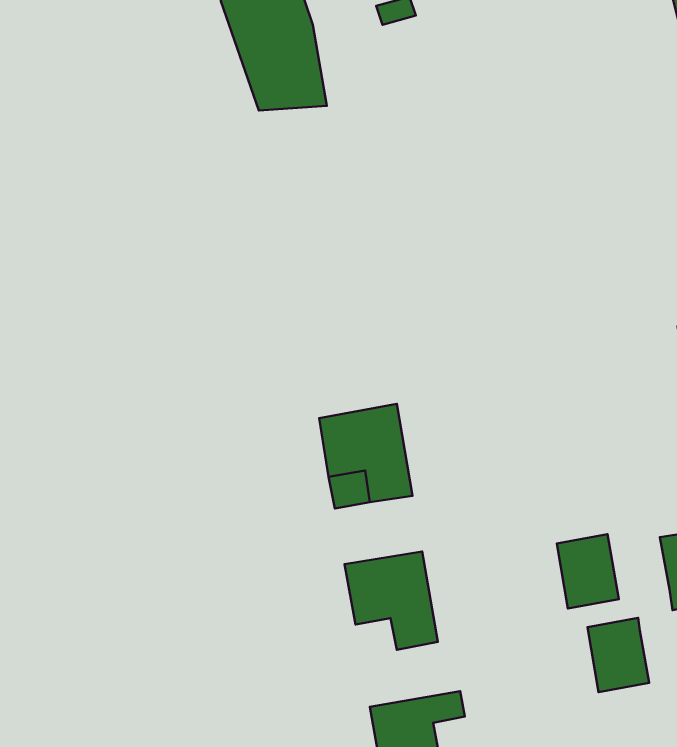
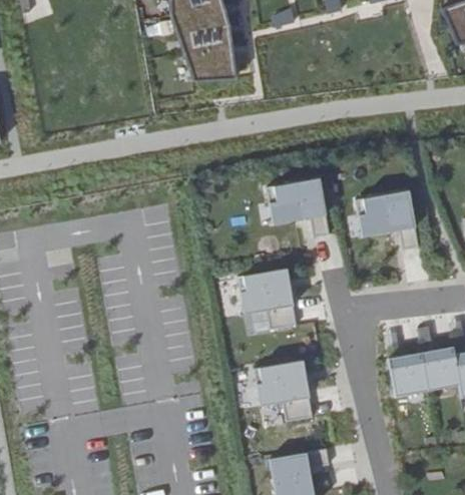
building: none -> [265,177,328,237]
building: none -> [353,191,416,252]
building: [587,618,649,692] -> [419,344,458,391]

